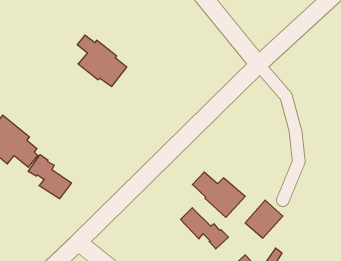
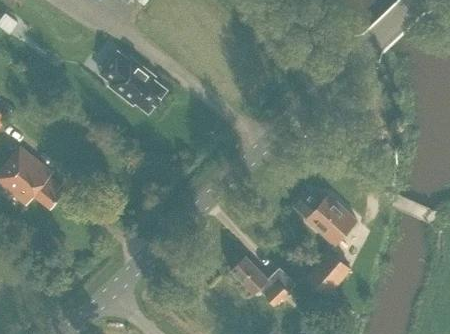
building: [28,155,71,199] -> none
building: [192,172,245,217] -> [295,190,358,244]

